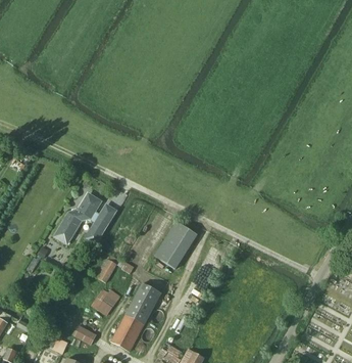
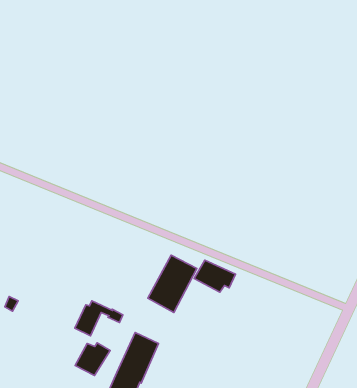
building: [55,199,109,243] -> none
building: none -> [194,260,236,292]

